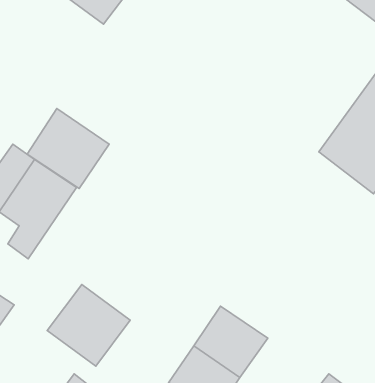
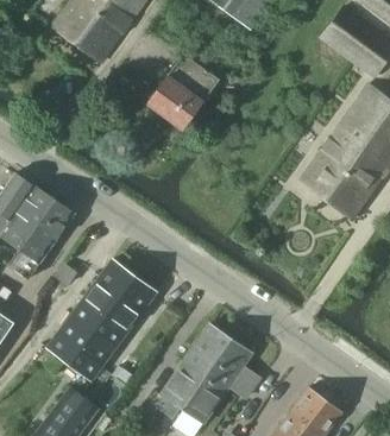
building: none -> [147,53,219,128]
building: [27,108,109,189] -> none
building: none -> [78,260,156,337]

